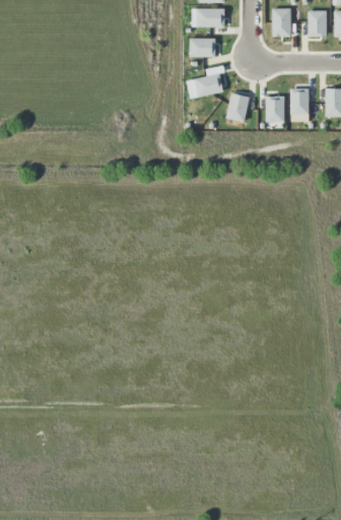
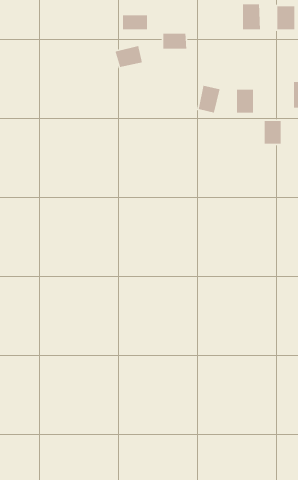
building: [198,9,224,25] -> [122,15,148,30]
building: [194,73,223,96] -> [114,45,143,68]
building: [290,88,309,114] -> [264,120,282,145]

